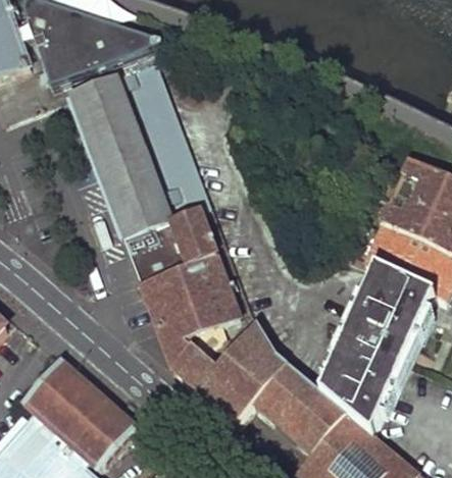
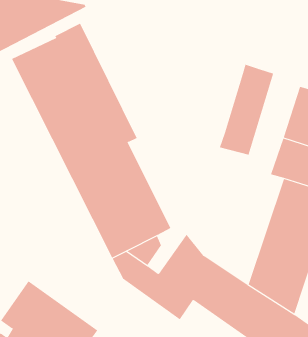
building: none -> [219,64,274,156]

